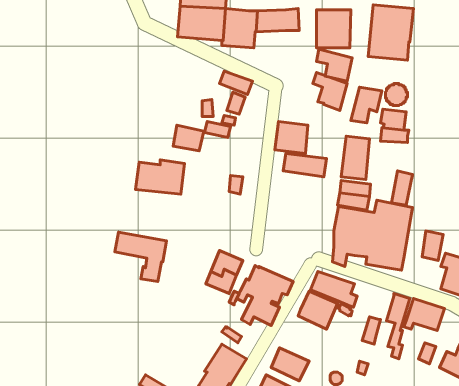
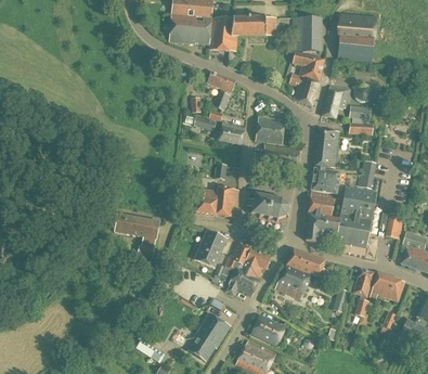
building: [173,125,204,151] -> [219,121,246,144]
building: [135,160,185,194] -> [195,186,238,217]
building: none -> [246,193,288,218]

